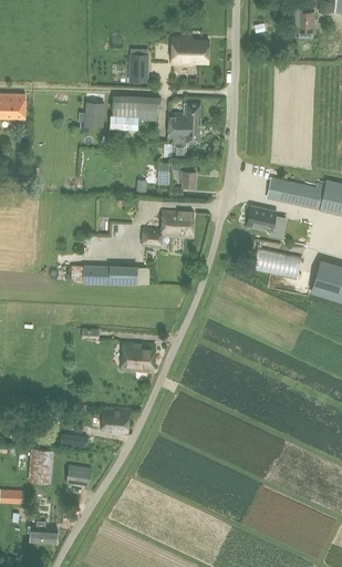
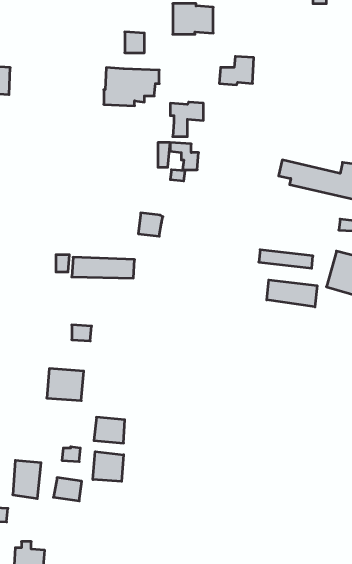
building: [84,102,105,126] -> none
building: [170,102,201,127] -> [219,56,254,85]
building: [247,204,287,237] -> none
building: [162,208,195,236] -> none
building: none -> [267,280,317,307]
building: [122,342,155,371] -> [47,369,84,401]
building: none -> [93,452,124,481]

